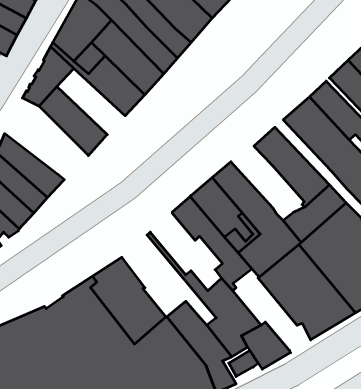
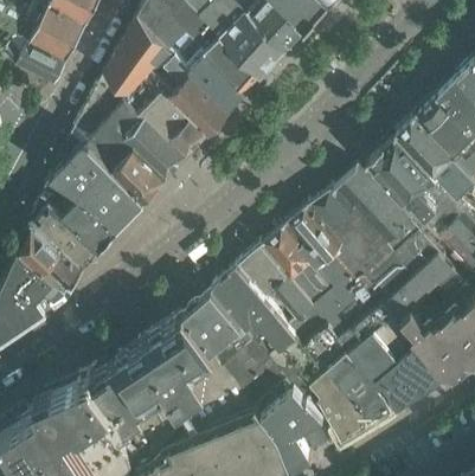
building: none -> [110,107,187,181]
building: none -> [51,140,146,232]
building: none -> [307,194,391,278]
building: none -> [216,272,296,358]
building: none -> [184,295,290,397]
building: none -> [309,333,392,427]

